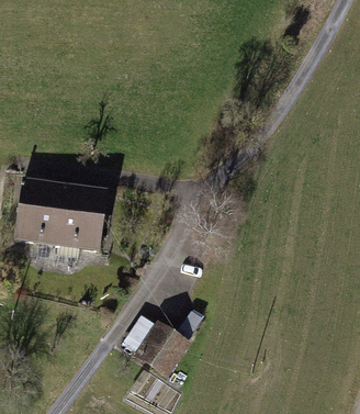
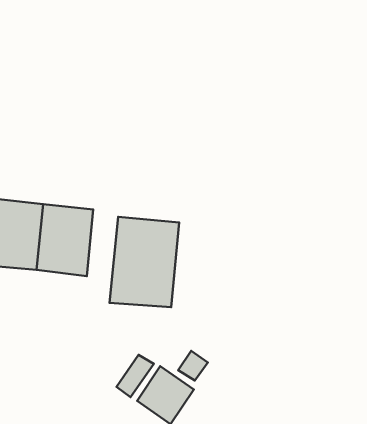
building: none -> [110,217,179,307]

